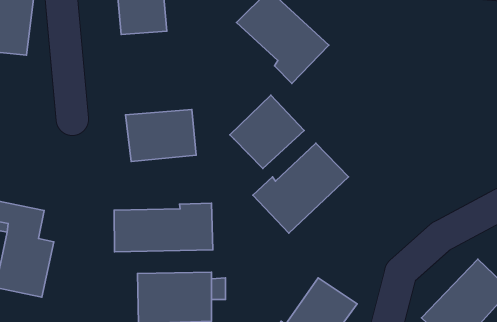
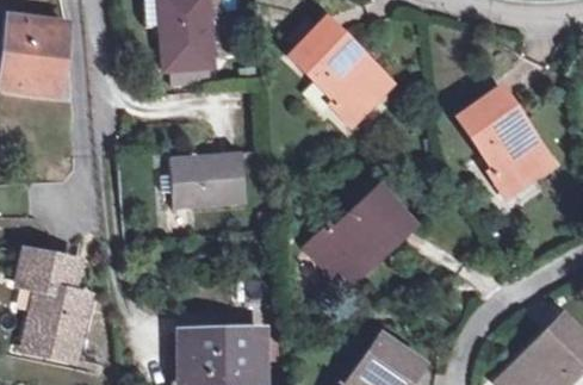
building: none -> [461,87,554,194]
building: [230,95,304,169] -> none
building: [114,203,213,252] -> none

